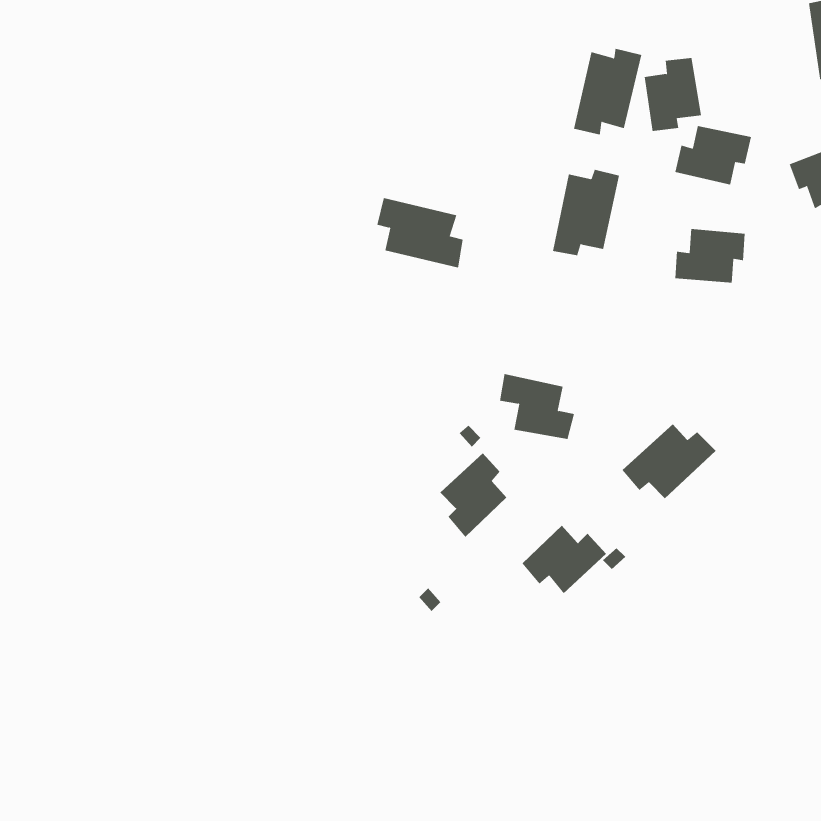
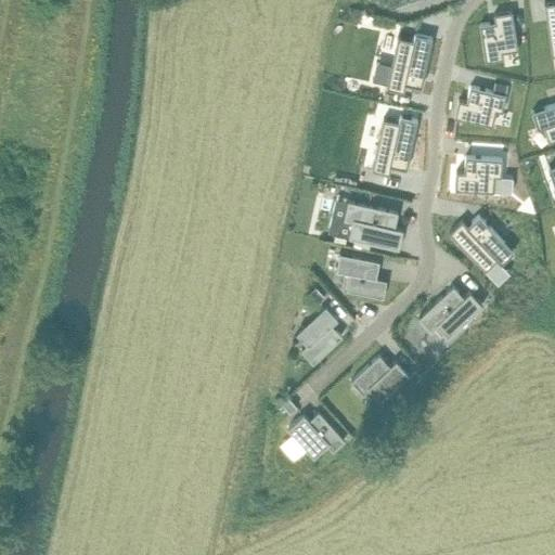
building: [644,57,702,131] -> [480,11,519,61]
building: [377,197,464,268] -> [345,201,403,248]
building: none -> [450,215,515,270]
building: none -> [289,411,346,456]

